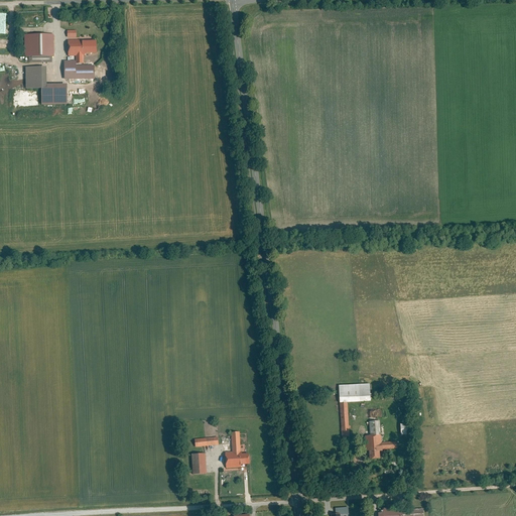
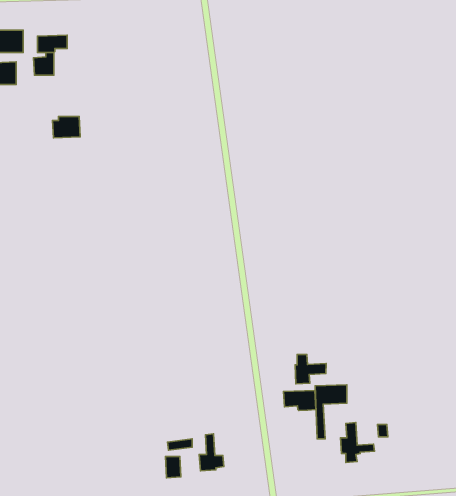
building: [39,84,67,105] -> [53,116,80,138]
building: none -> [295,355,326,384]
building: none -> [284,390,316,411]

